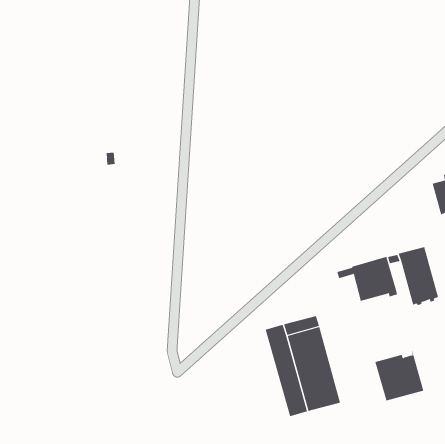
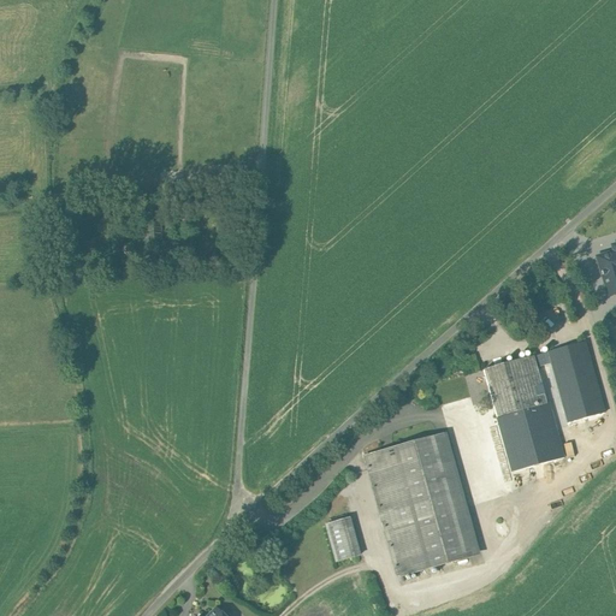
building: [374,351,424,401] -> [498,399,567,469]
building: none -> [327,516,362,559]

